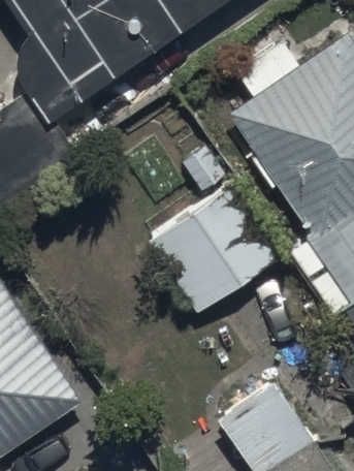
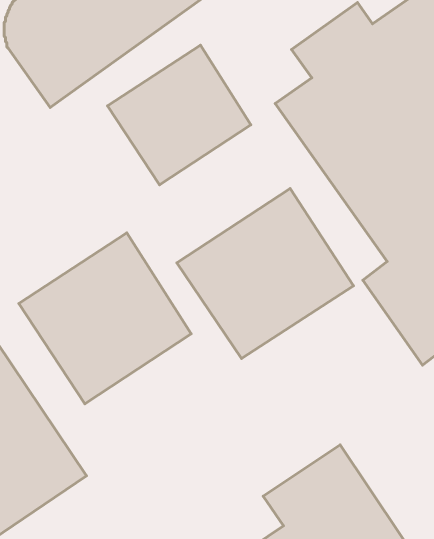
building: none -> [107,45,251,185]
building: none -> [19,233,191,404]

